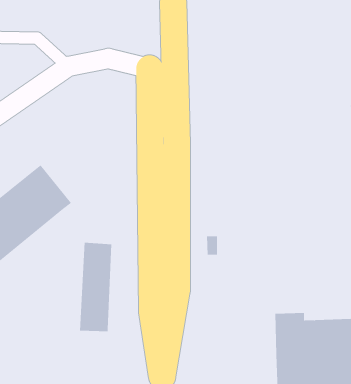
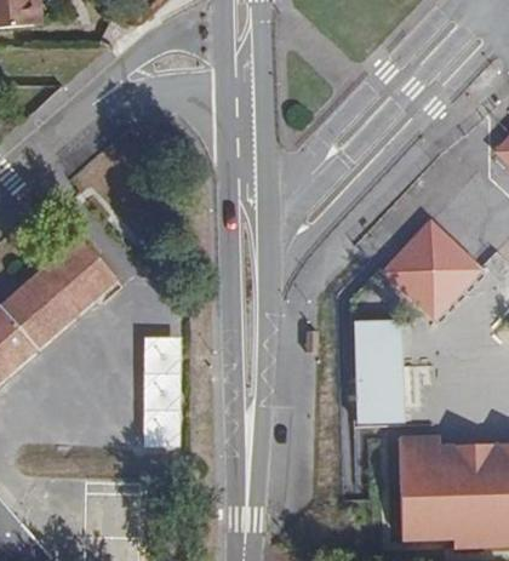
building: none -> [381,221,475,315]
building: none -> [353,319,404,422]

